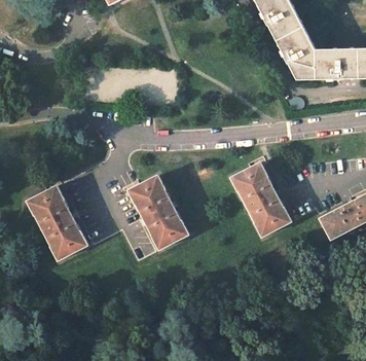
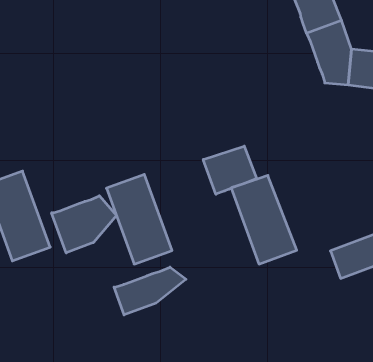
building: none -> [203,146,257,194]
building: none -> [52,196,116,253]
building: none -> [114,267,186,315]

